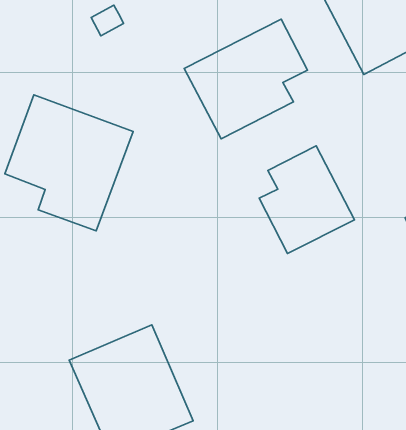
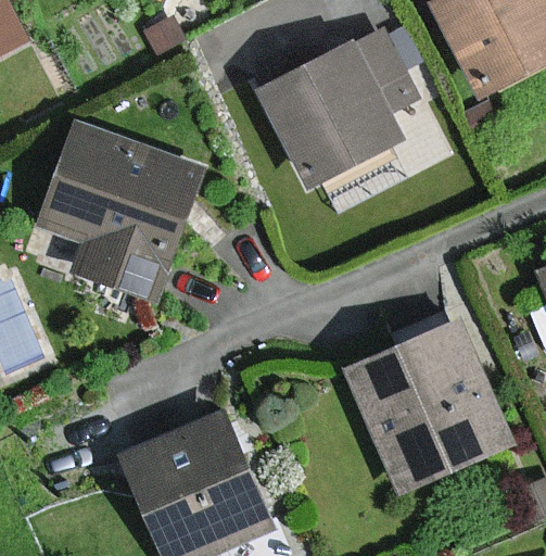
building: [259,146,355,254] -> none
building: none -> [348,323,509,489]

